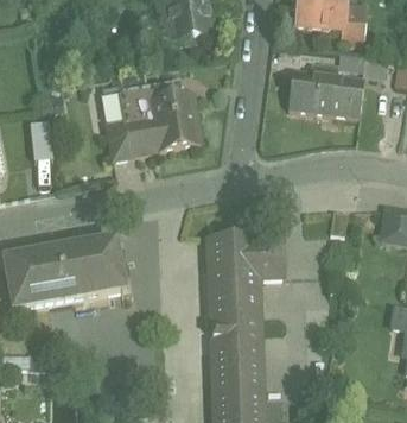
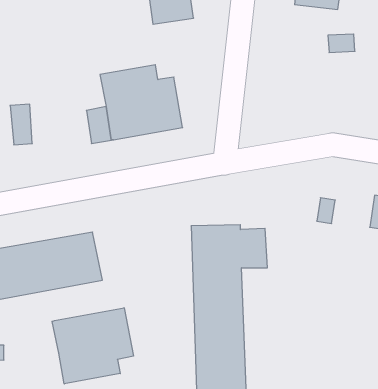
building: [287,62,364,116] -> none
building: none -> [52,308,133,384]

